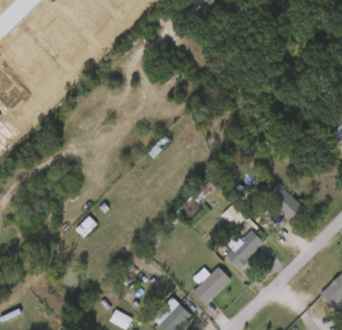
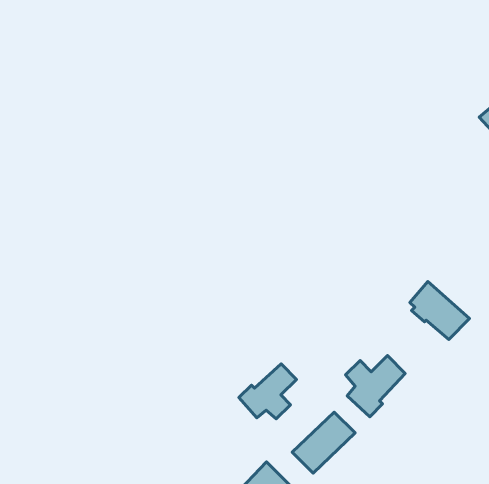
building: none -> [239,364,297,419]

